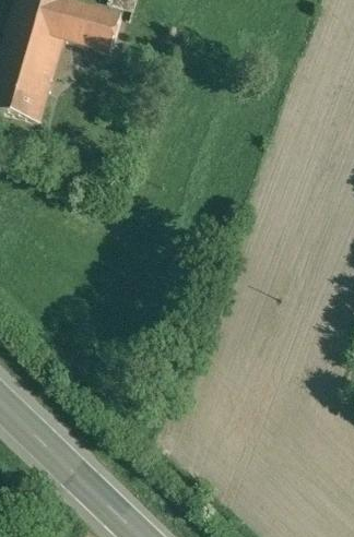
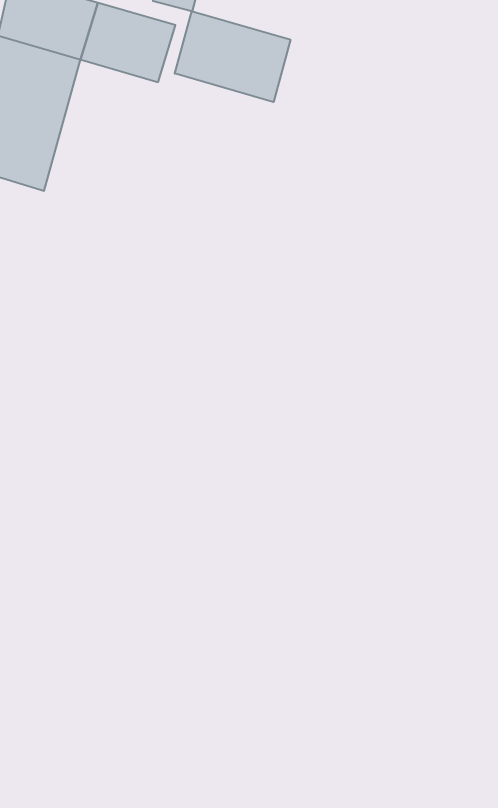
building: none -> [175,11,290,102]

